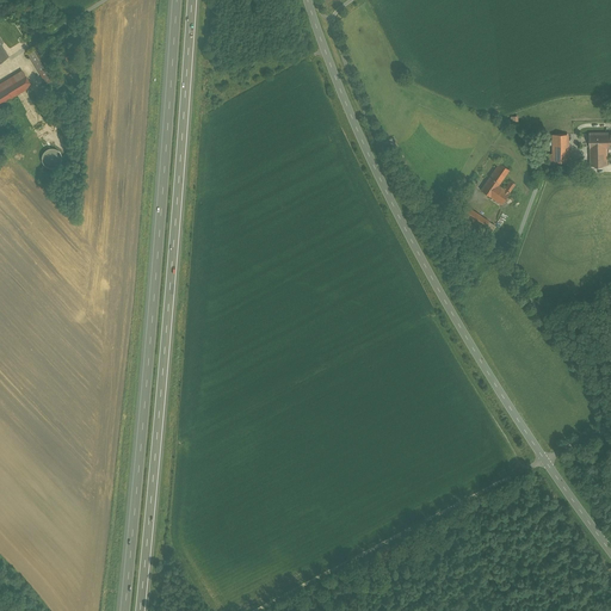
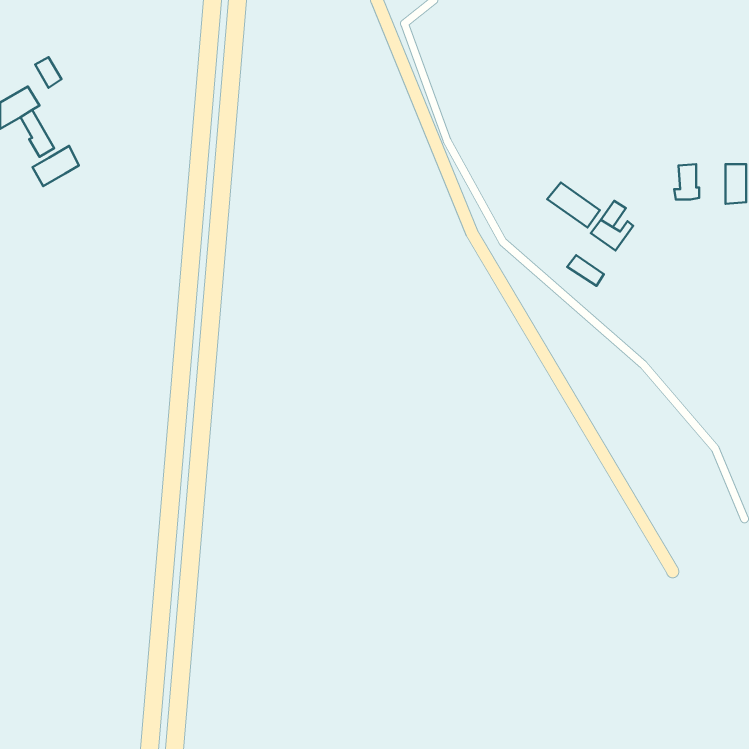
building: none -> [32,146,79,186]
building: none -> [547,183,600,228]

